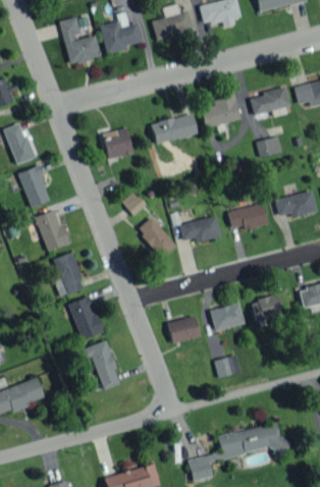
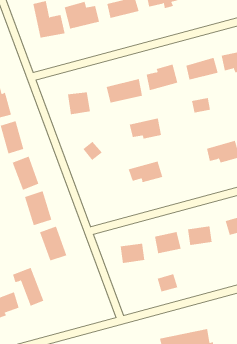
building: [227,203,268,229] -> [129,118,162,139]
building: [138,216,175,258] -> none
building: [82,340,121,389] -> [12,267,44,307]

